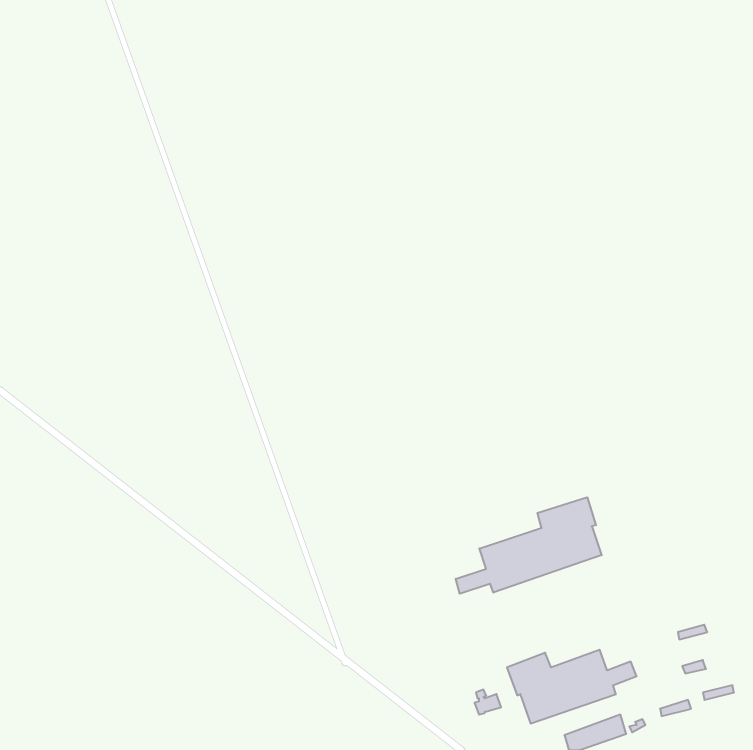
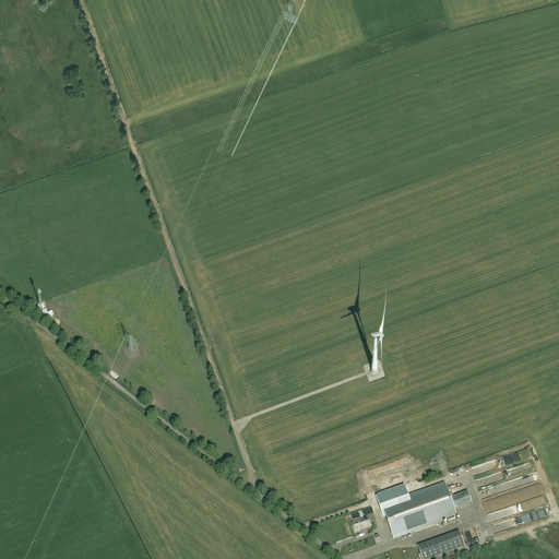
building: [456,497,602,594] -> none

